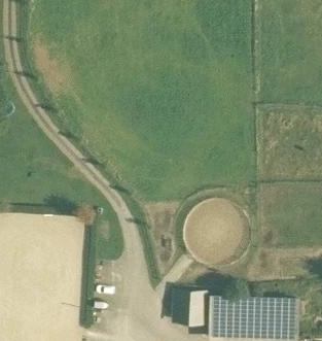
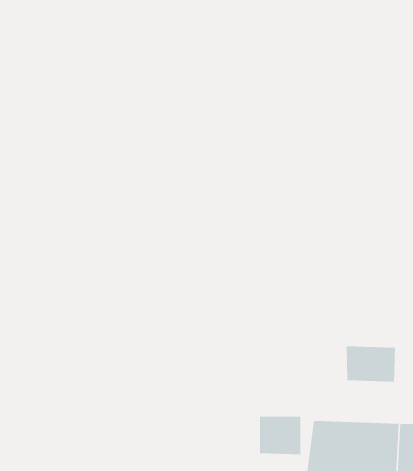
building: none -> [346,346,396,382]

